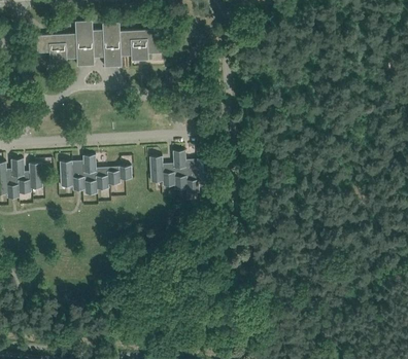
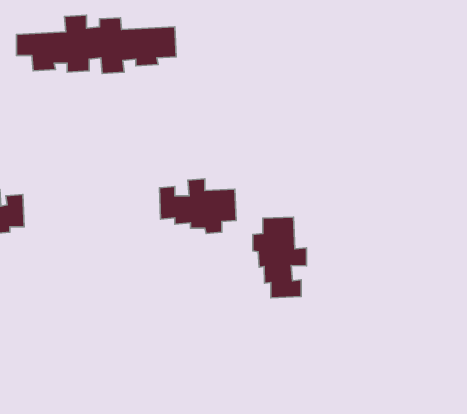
building: [59,154,132,193] -> none
building: none -> [253,217,307,298]

